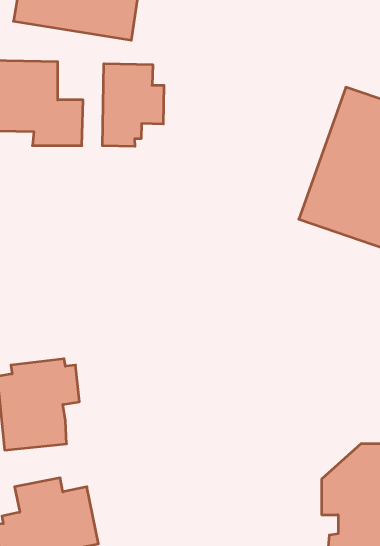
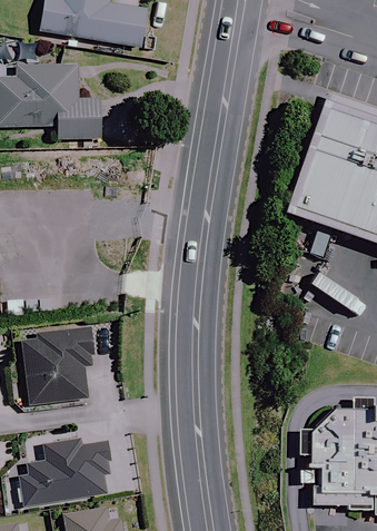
building: [102,64,164,146] -> none

